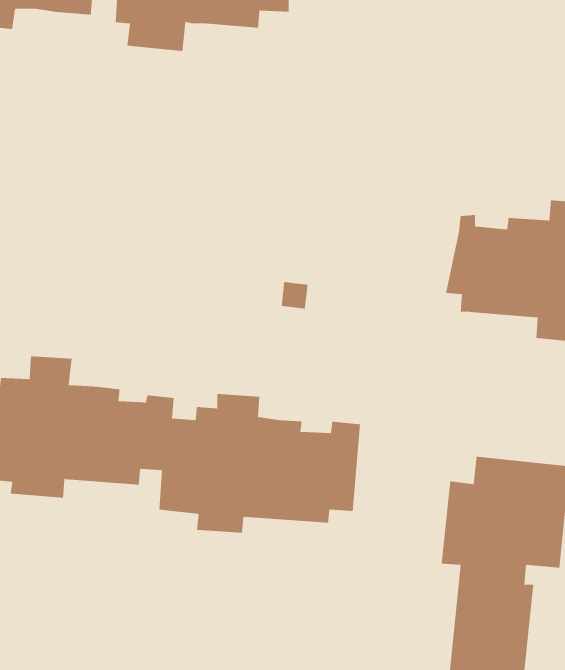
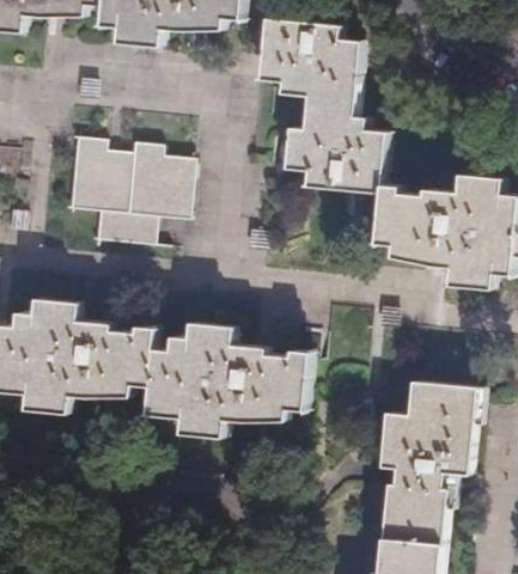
building: none -> [261,14,392,193]
building: none -> [62,144,187,246]

